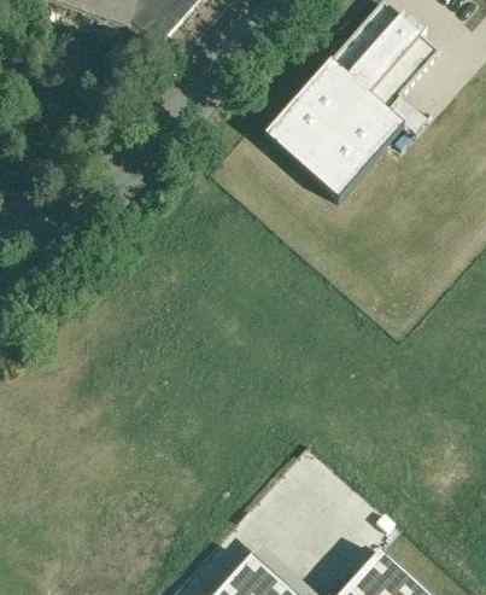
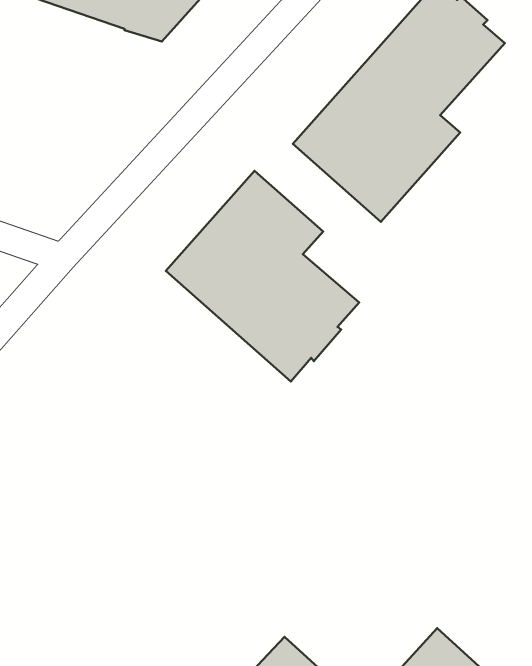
building: none -> [166,171,359,382]

